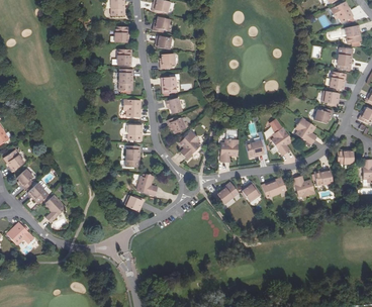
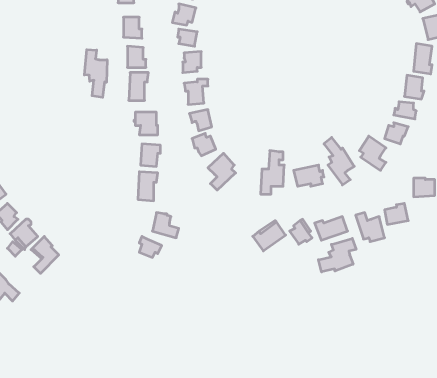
building: none -> [84,50,107,97]
building: none -> [318,238,356,272]

